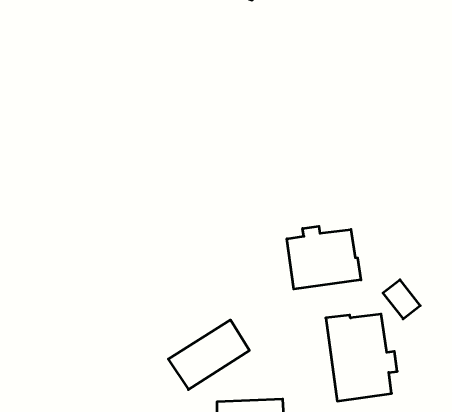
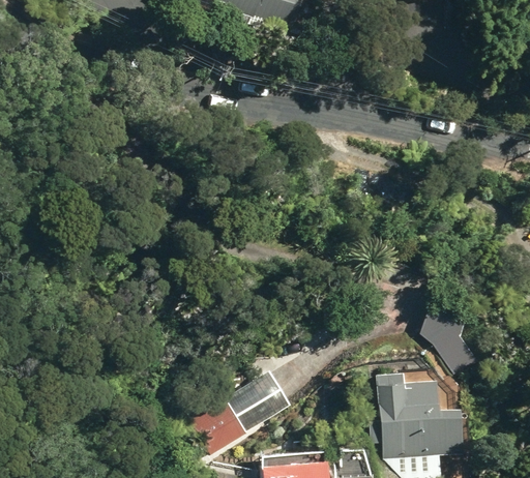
building: [287,226,361,289] -> none

